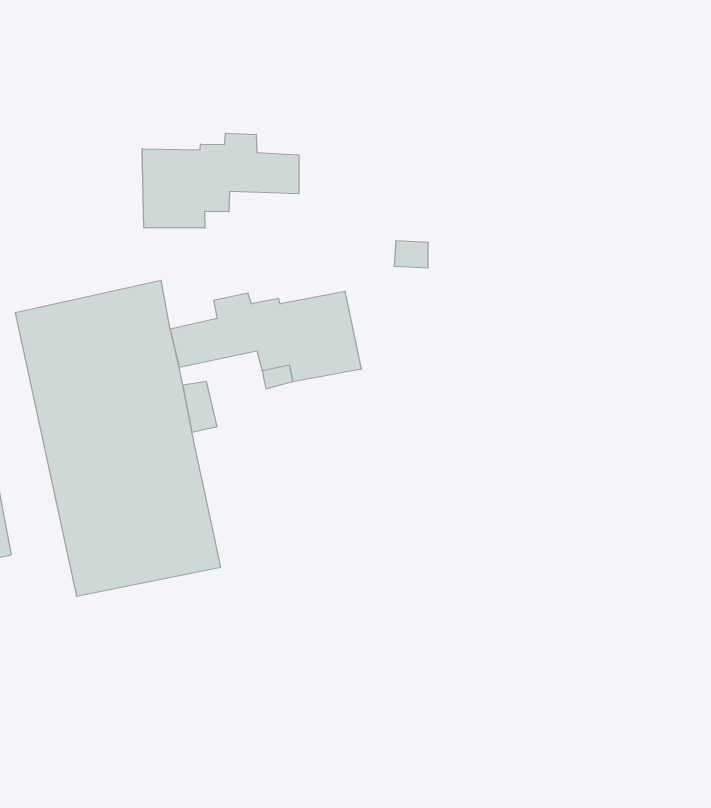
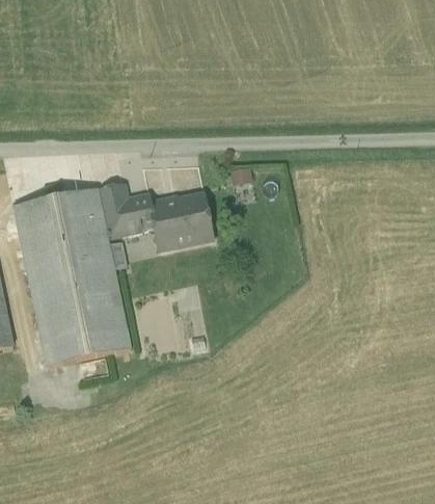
building: [142,133,299,228] -> none
building: none -> [98,182,130,214]

